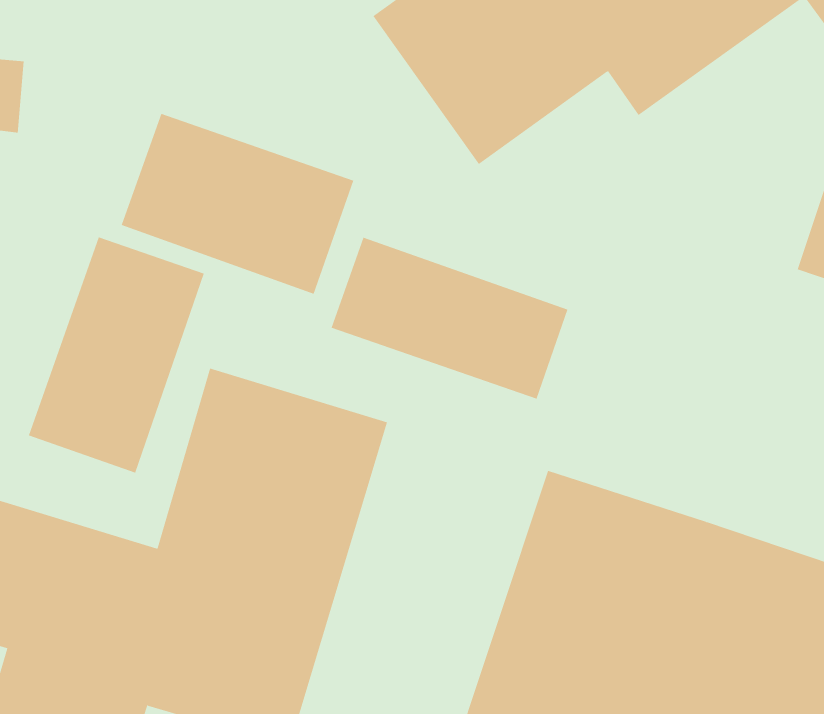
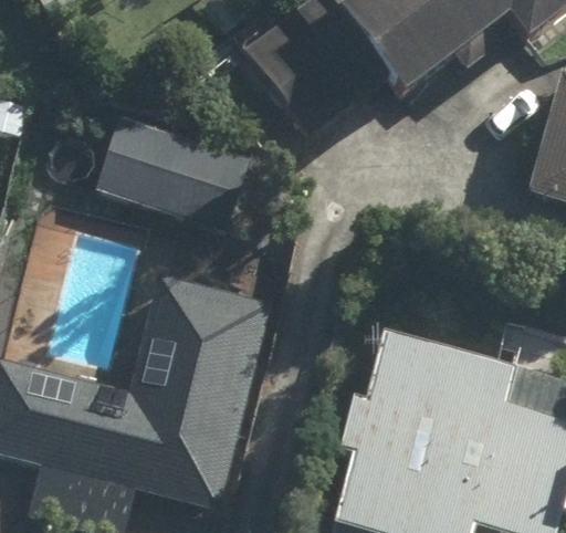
building: [28,237,205,474] -> none
building: [331,237,568,399] -> none

